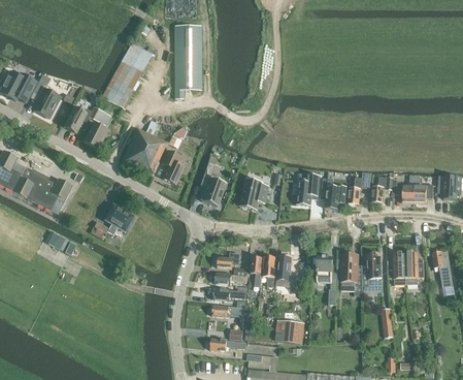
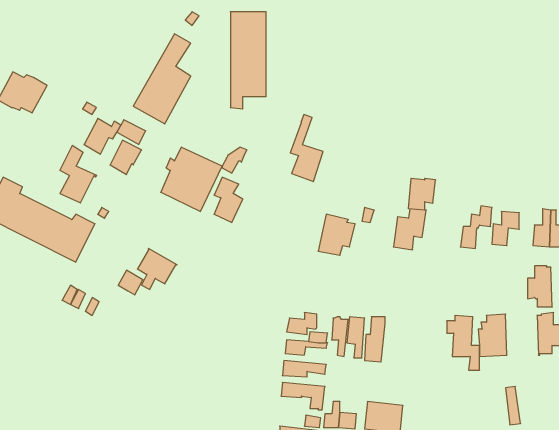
building: [33,73,61,117] -> [60,146,97,203]
building: [200,155,225,205] -> [290,115,323,182]
building: [326,185,346,209] -> [408,178,436,210]
building: [388,253,406,284] -> [528,266,552,307]
building: [312,255,337,289] -> none

